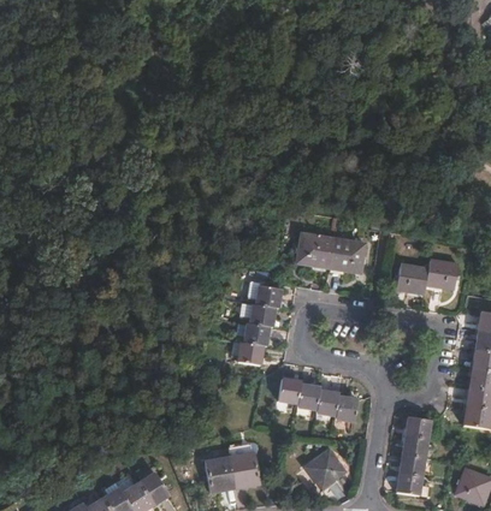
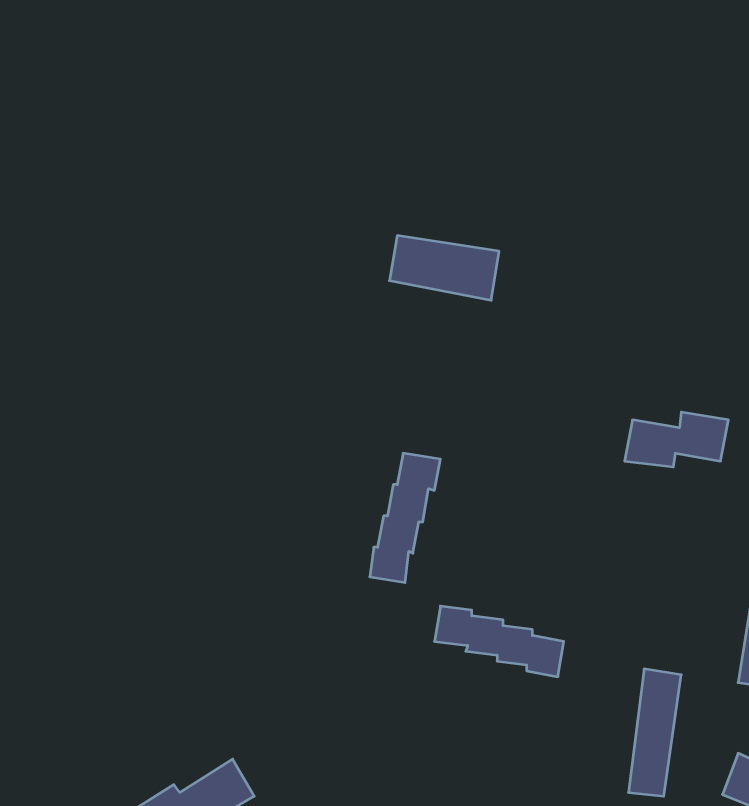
building: [297,232,365,272] -> [389,236,499,300]
building: [304,448,344,488] -> none
building: [206,452,258,491] -> none

